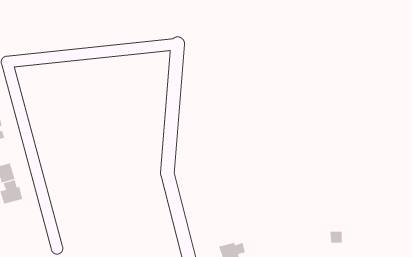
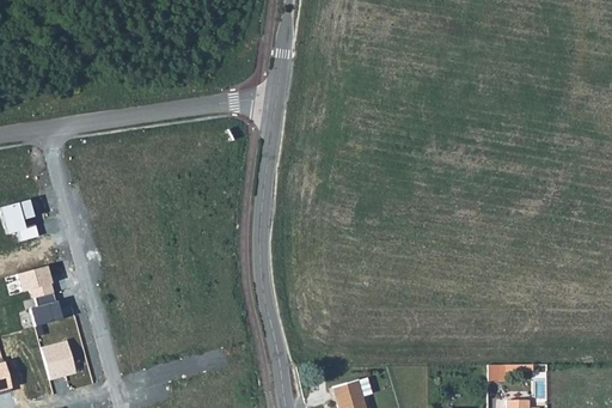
building: none -> [42,341,76,380]

